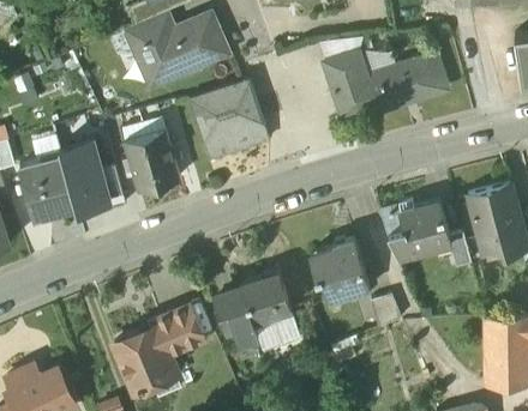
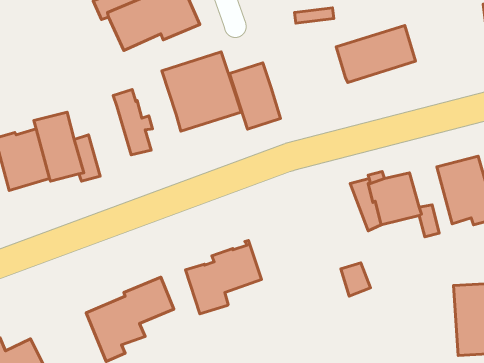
building: [324,49,376,116] -> [230,63,281,129]
building: [122,123,158,189] -> none
building: [308,237,370,295] -> none
building: [253,309,296,351] -> none

